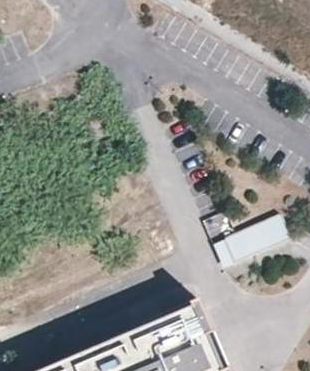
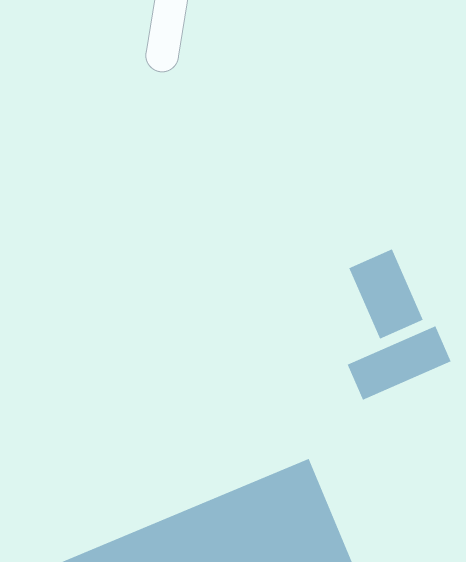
building: none -> [348,249,424,339]

